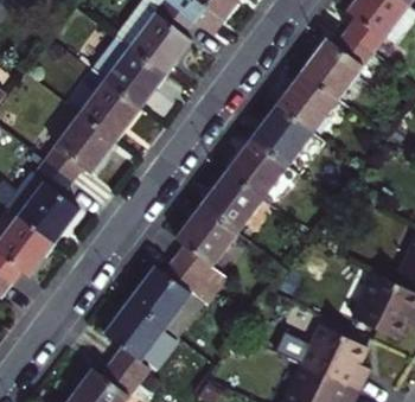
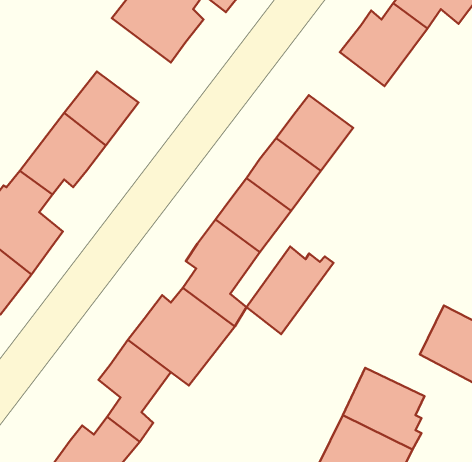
building: [95,40,167,108] -> none
building: [277,68,338,128] -> none
building: none -> [247,247,334,334]

